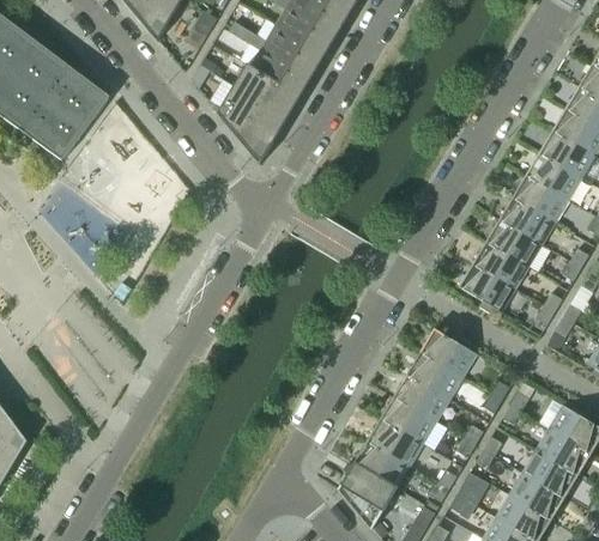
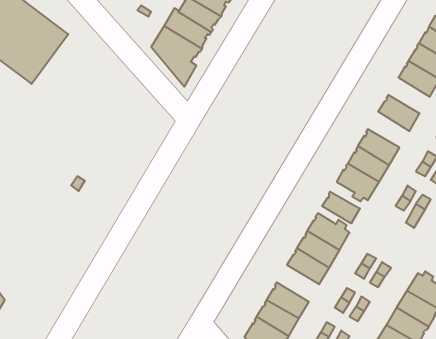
building: [525,152,579,199] -> none
building: [498,196,552,243] -> none
building: none -> [322,192,360,223]
building: [380,395,435,443] -> none

